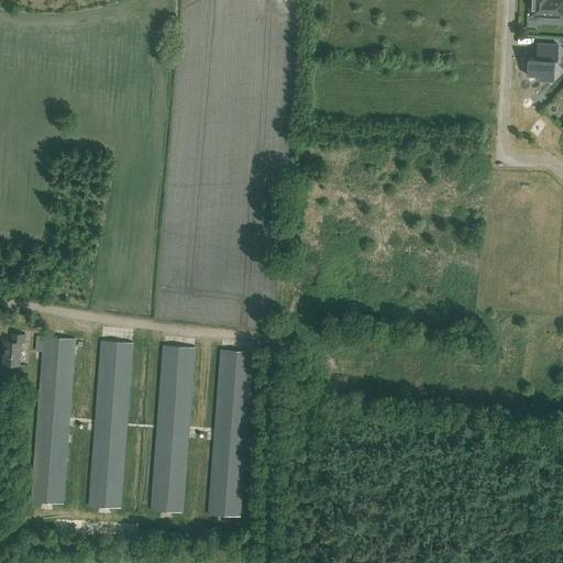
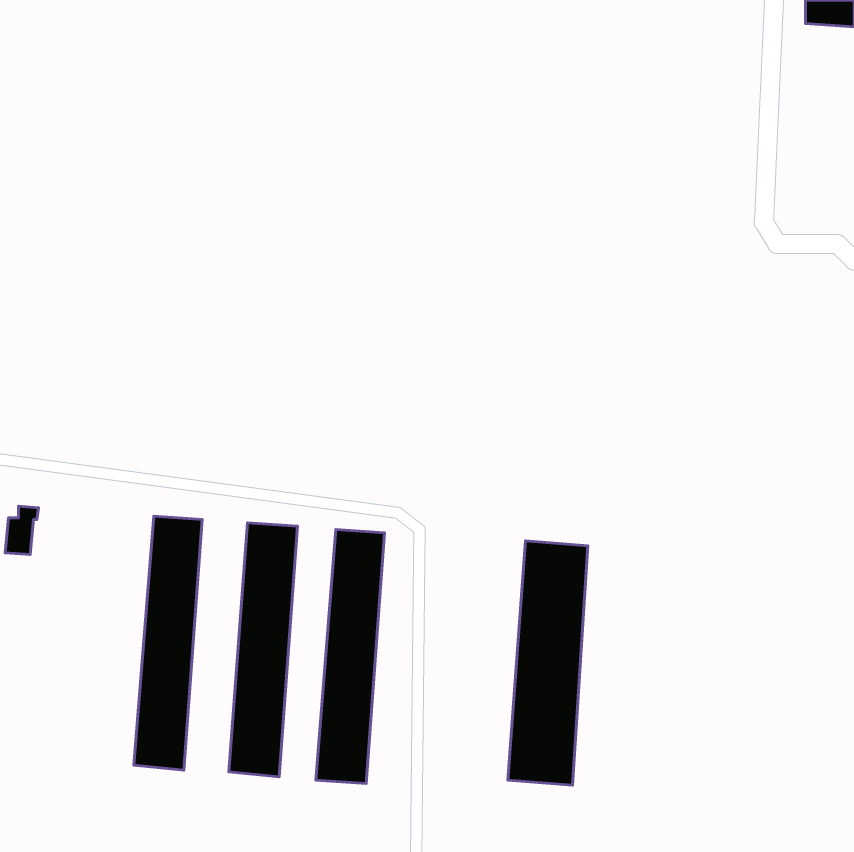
building: [527,44,558,81] -> none
building: [32,336,75,504] -> none
building: none -> [508,541,588,785]

